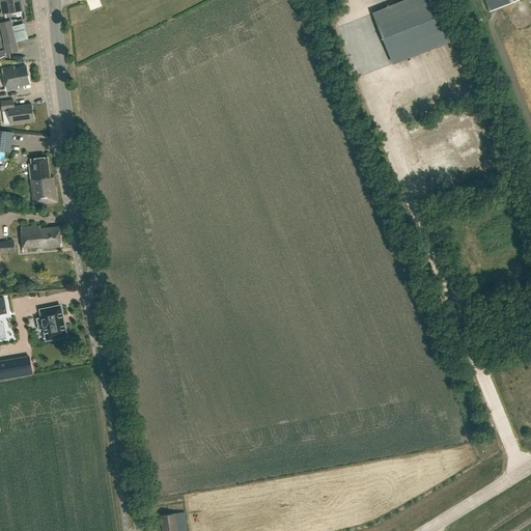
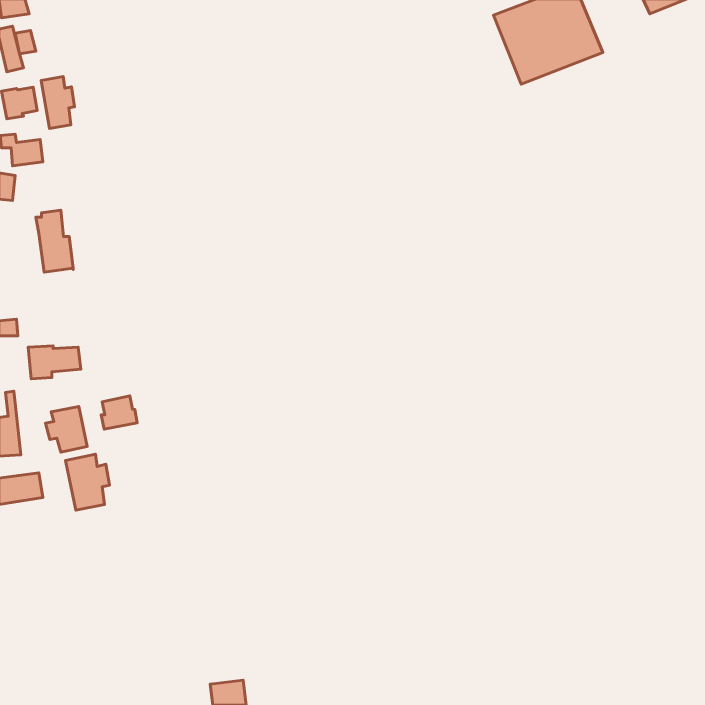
building: none -> [41,76,74,128]
building: [20,226,59,251] -> [28,346,81,379]
building: none -> [101,396,137,429]
building: none -> [66,454,110,510]

